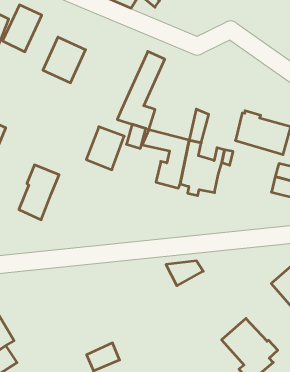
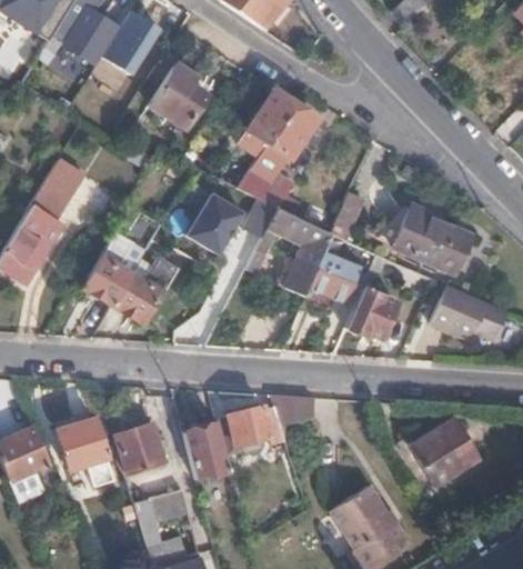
building: none -> [240,88,296,154]
building: none -> [345,286,398,338]
building: none -> [114,257,178,322]
building: none -> [229,408,271,452]
building: none -> [183,422,230,480]
building: none -> [115,423,163,471]
building: none -> [57,417,113,483]

